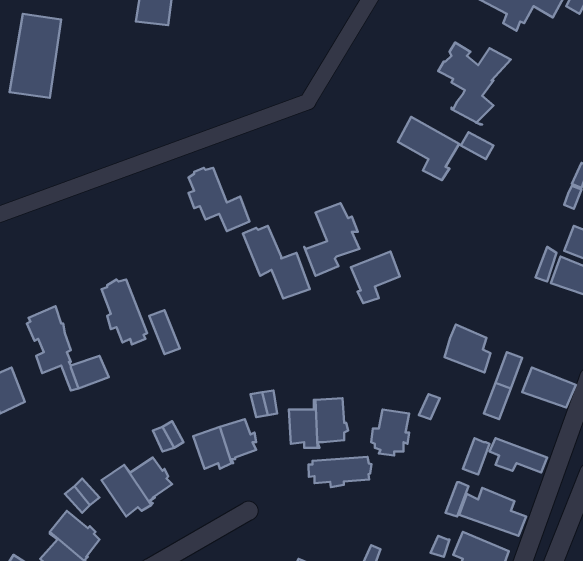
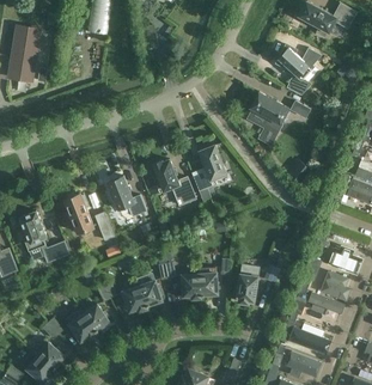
building: [188,168,250,231] -> [109,177,147,216]
building: [351,251,400,303] -> none
building: [444,325,490,372] -> [322,271,350,301]
building: [308,457,371,487] -> none

